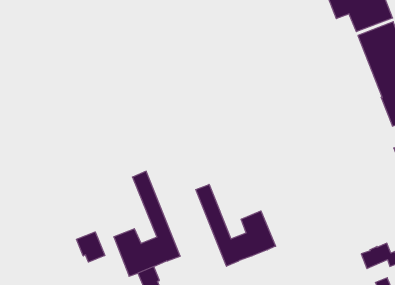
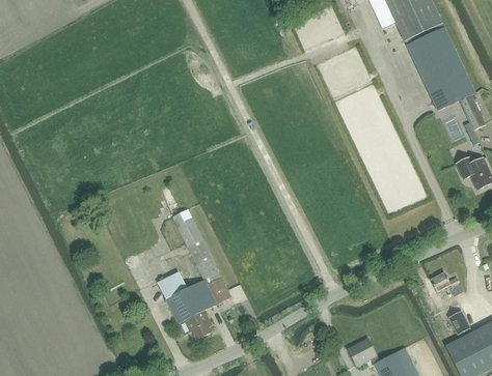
building: [196,184,276,266] -> none
building: [77,232,105,262] -> none

